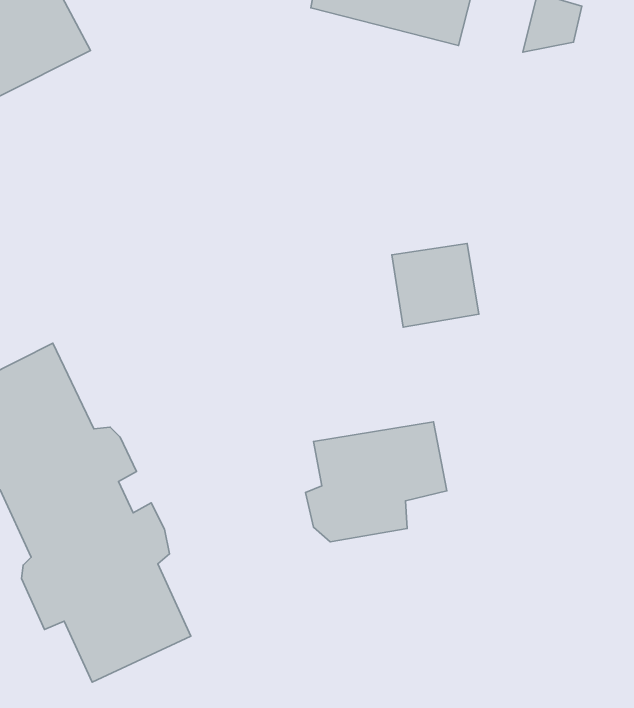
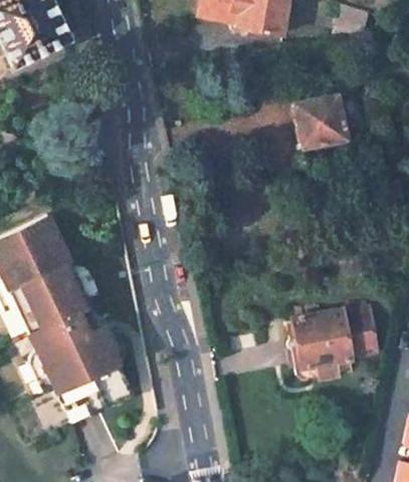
building: [392,243,479,327] -> [290,92,344,144]
building: [305,422,447,542] -> [286,309,373,383]

